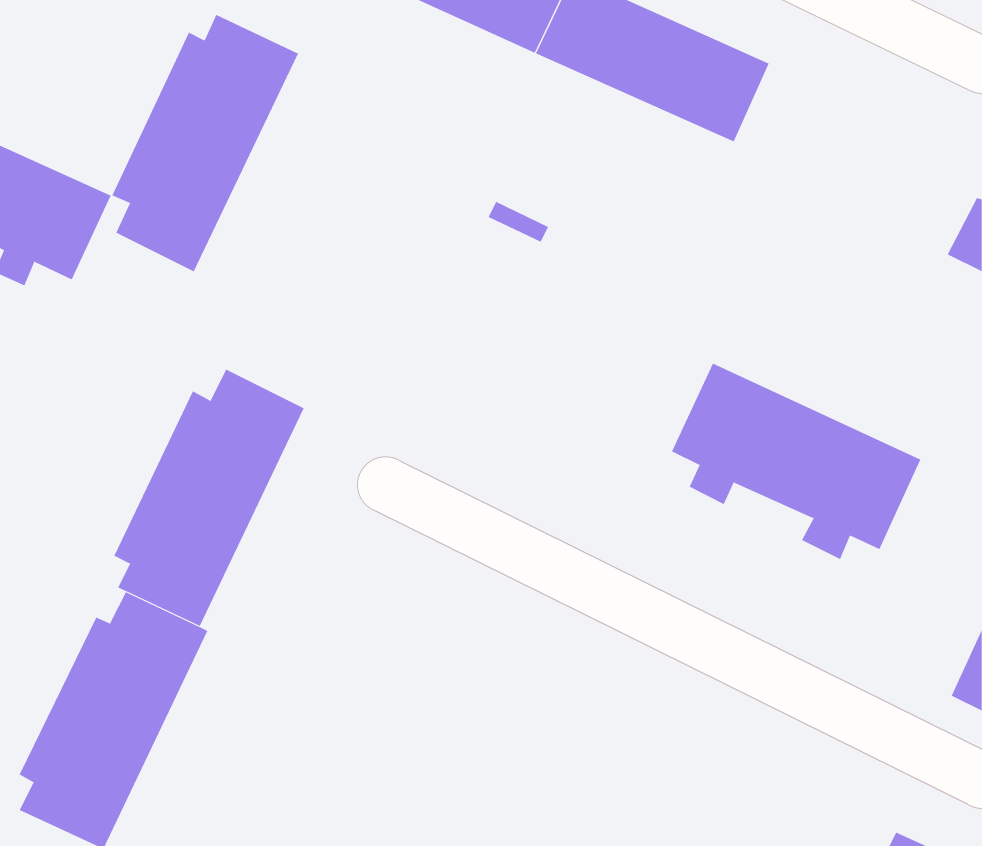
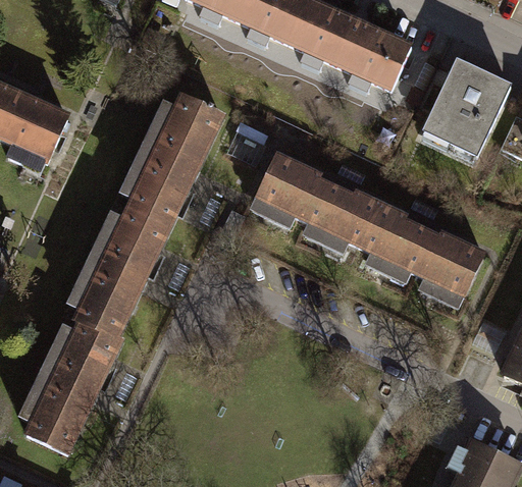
building: [112,14,299,272] -> [126,92,223,225]
building: none -> [423,60,510,156]
building: none -> [251,152,380,252]

